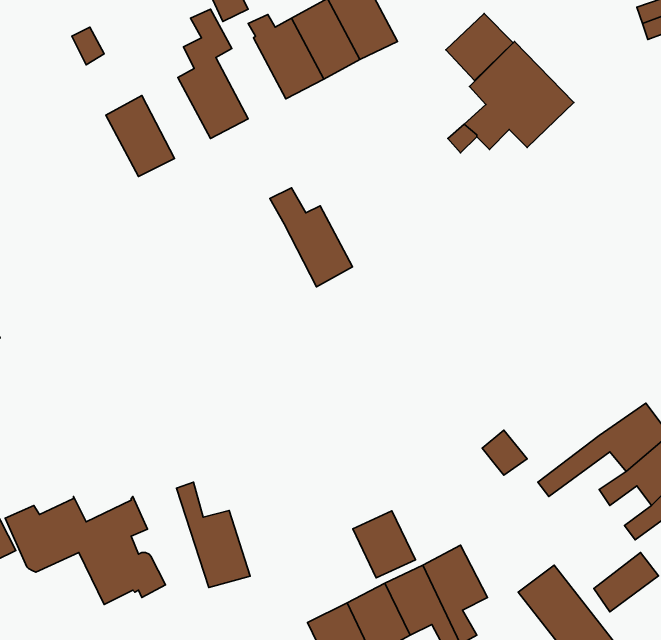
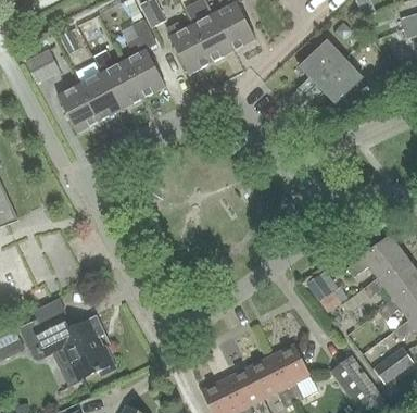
building: [446,14,513,80] -> none
building: none -> [25,47,61,82]
building: none -> [58,83,100,132]
building: [270,188,353,287] -> [93,49,143,109]
building: none -> [348,234,406,276]
building: [177,482,250,588] -> none
building: [353,511,415,578] -> none

